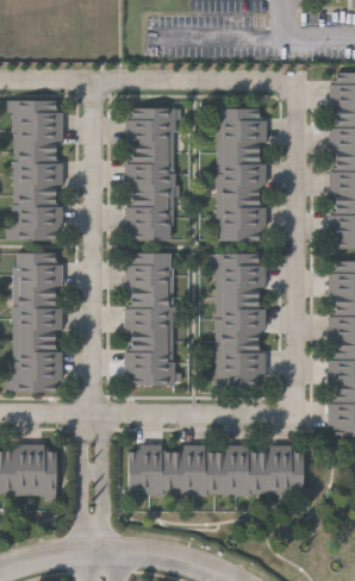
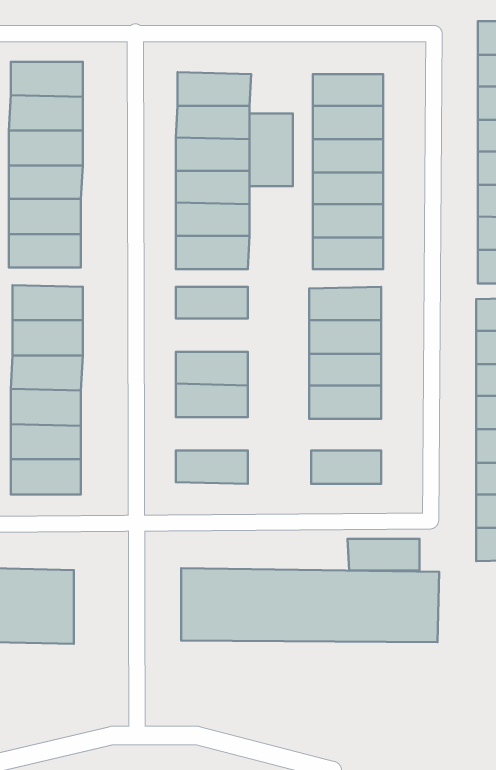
building: none -> [250,113,293,186]
building: [125,273,174,295] -> none
building: [125,339,174,362] -> none
building: [216,341,264,362] -> [347,539,419,571]

